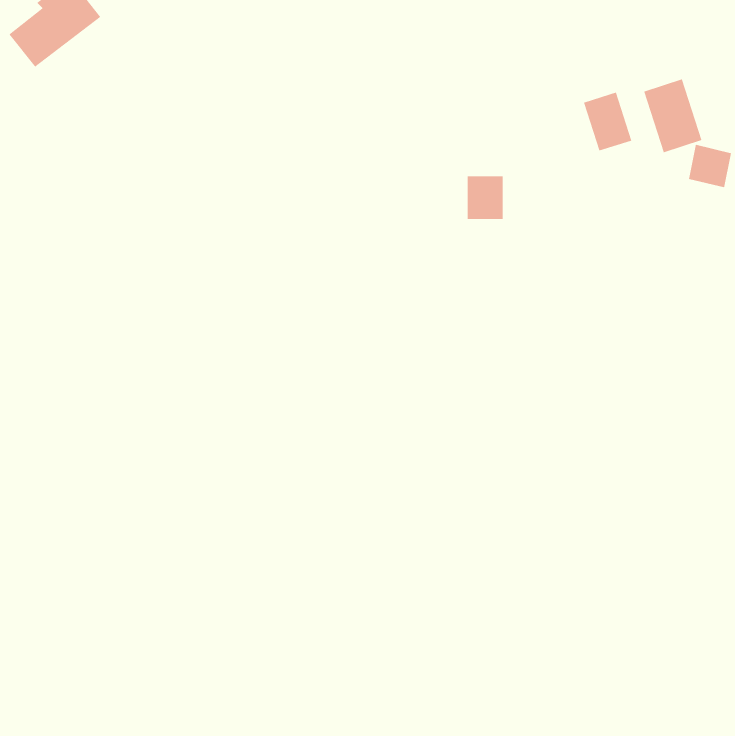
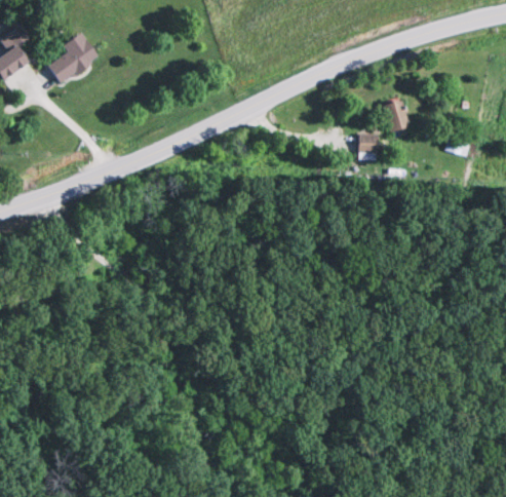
building: [643,79,702,153] -> none
building: [467,176,504,219] -> [356,133,378,159]

